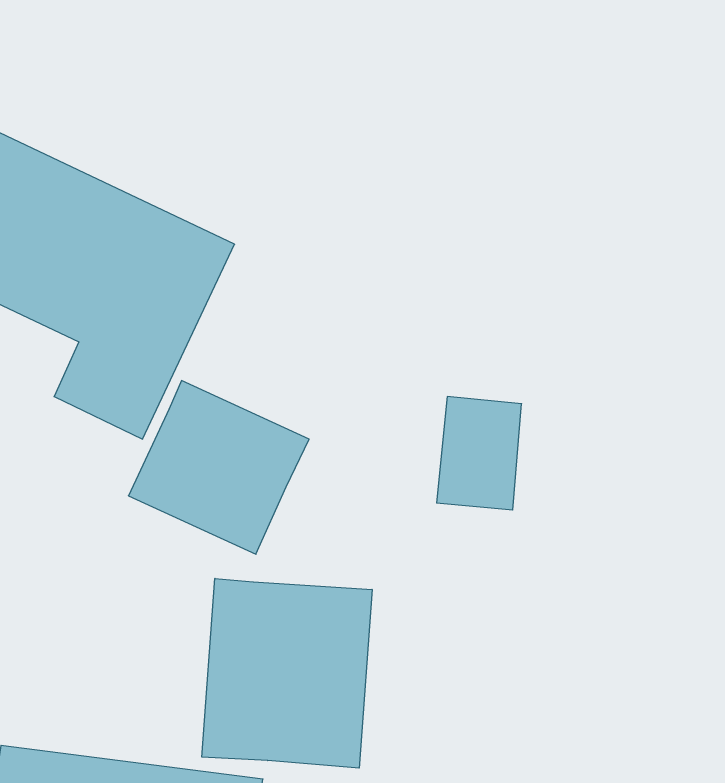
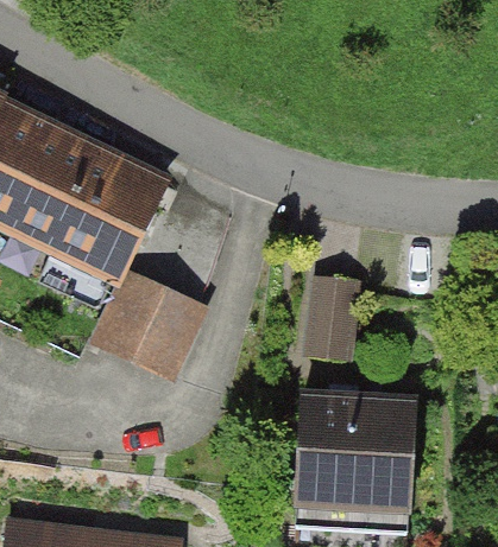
building: none -> [291,390,420,513]
building: [202,578,372,768] -> none

